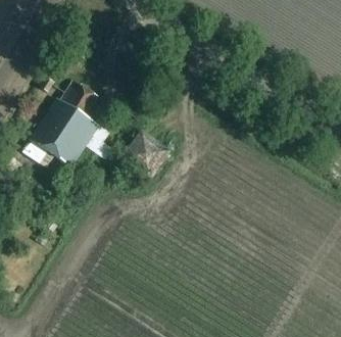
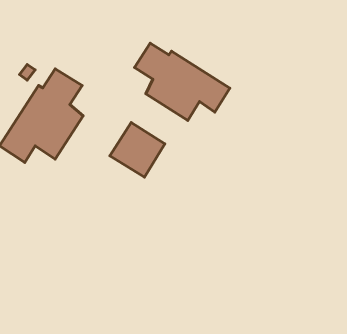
building: none -> [134,43,230,120]

